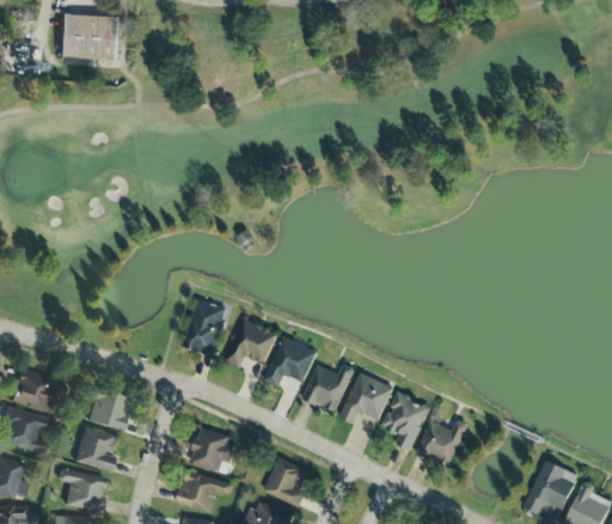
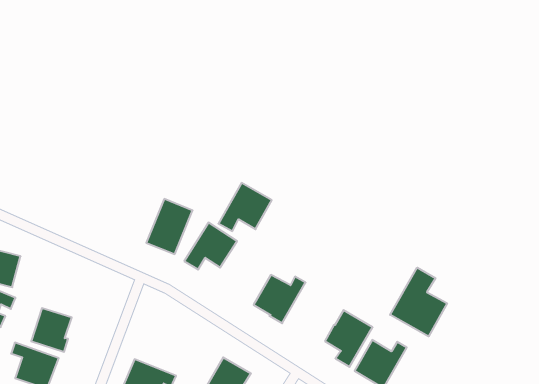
building: [264,336,317,388] -> [218,183,272,231]
building: none -> [390,268,447,336]
building: [339,372,393,424] -> none
building: [86,388,131,432] -> none
building: [190,428,237,473] -> none

